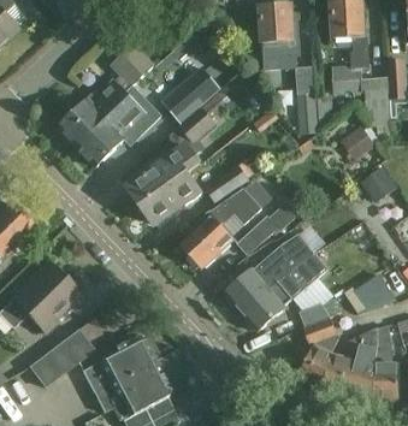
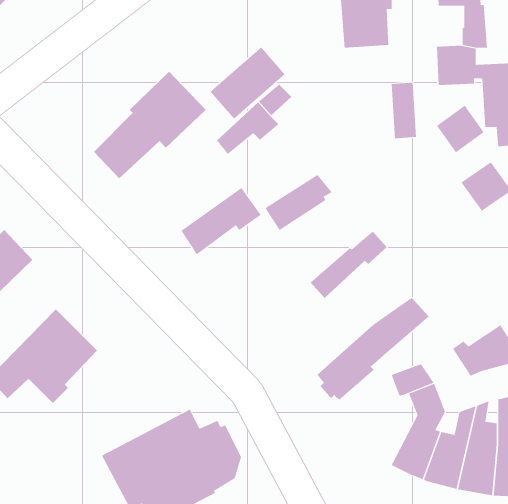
building: [59,45,154,144] -> none
building: [129,141,201,203] -> none
building: [182,189,261,265] -> none
building: [225,231,314,310] -> none
building: [29,330,94,387] -> none

